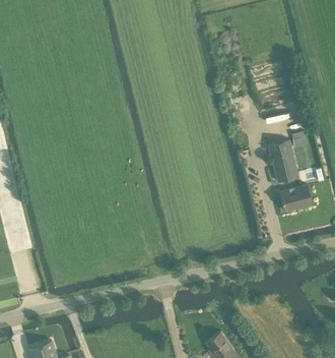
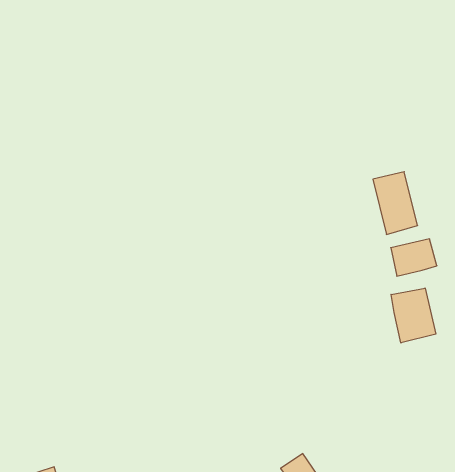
building: none -> [391,288,436,343]

